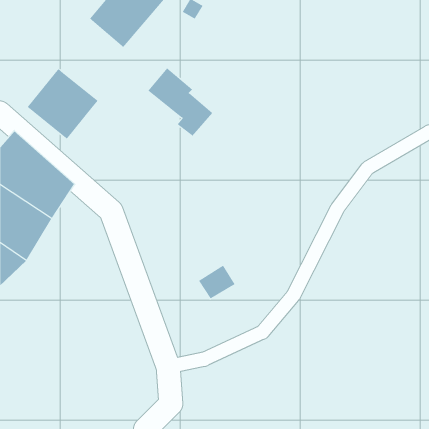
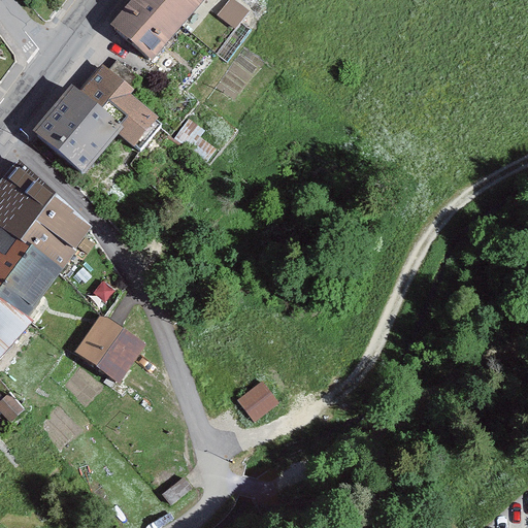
building: [147,68,213,137] -> [78,62,159,146]
building: none -> [71,312,145,386]
building: [198,265,235,299] -> [239,384,285,426]

